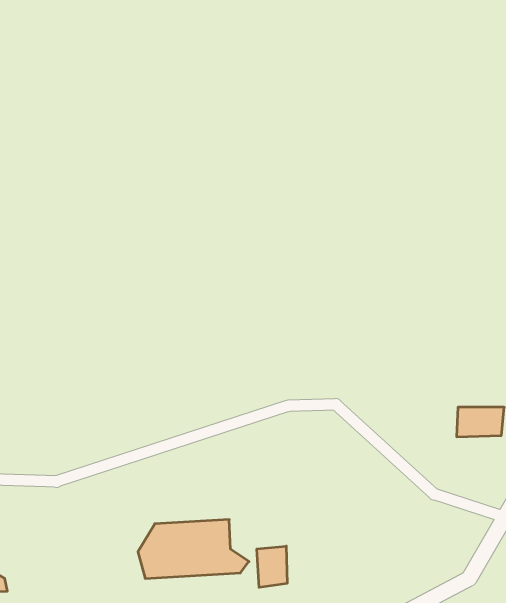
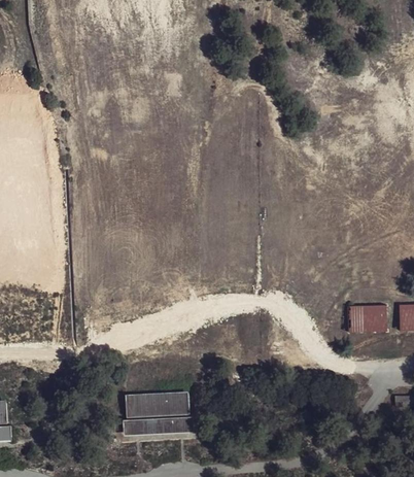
building: [257,546,287,587] -> none

